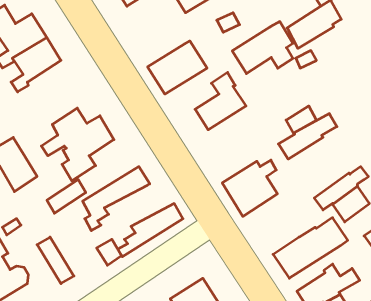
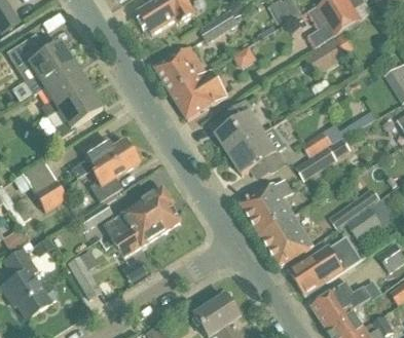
building: none -> [155,46,206,93]
building: [232,22,293,74] -> [228,125,286,175]
building: none -> [54,87,102,139]
building: none -> [261,214,313,265]
building: [118,204,183,257] -> [117,205,179,256]

